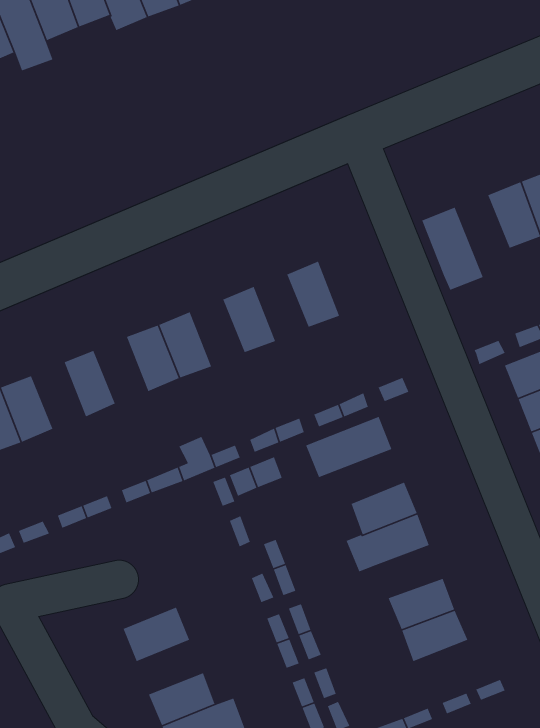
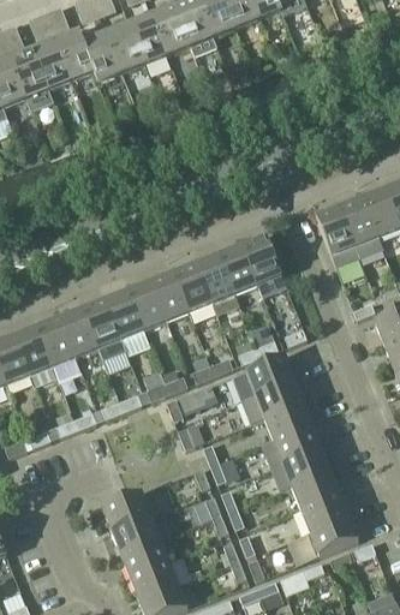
building: none -> [339,198,382,257]
building: none -> [241,235,286,297]
building: none -> [196,255,239,314]
building: none -> [150,273,189,321]
building: none -> [82,299,125,359]
building: none -> [37,317,76,365]
building: none -> [241,380,303,423]
building: none -> [270,448,330,490]
building: none -> [112,515,160,554]
building: none -> [286,515,358,565]

